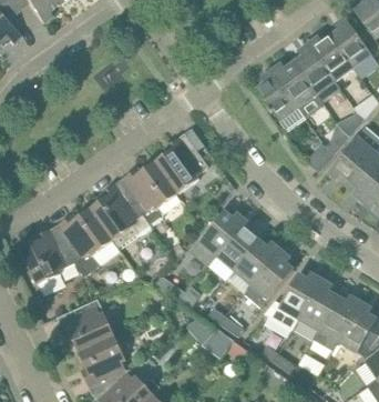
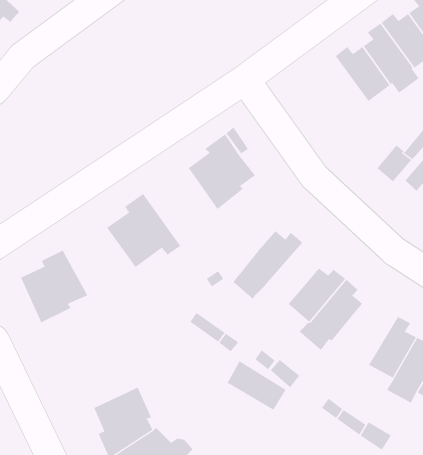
building: [256,71,298,121] -> none
building: [119,161,177,223] -> none
building: [54,209,112,275] -> none
building: [208,221,258,278] -> none
building: [264,273,321,329] -> none
building: [57,299,114,353] -> none

